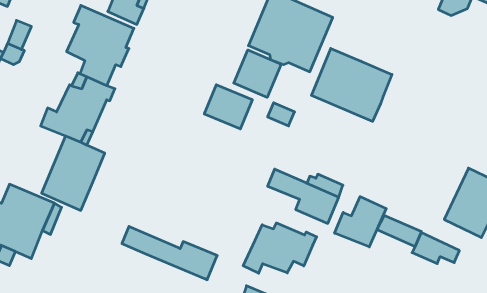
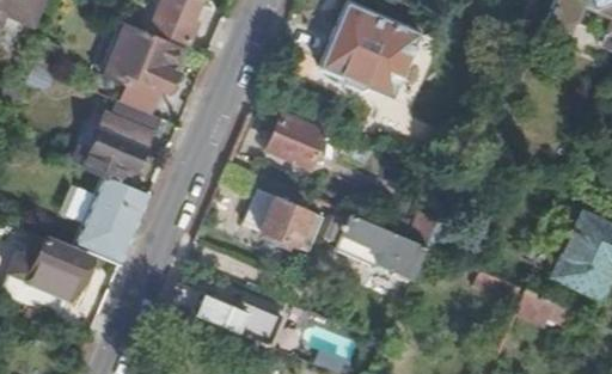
building: [311,48,392,121] -> none
building: [234,50,281,97] -> none
building: none -> [259,197,311,246]
building: [335,197,386,247] -> none
building: [243,223,317,273] -> none

